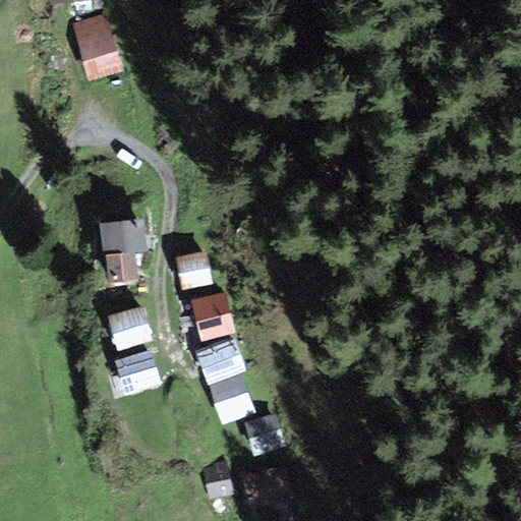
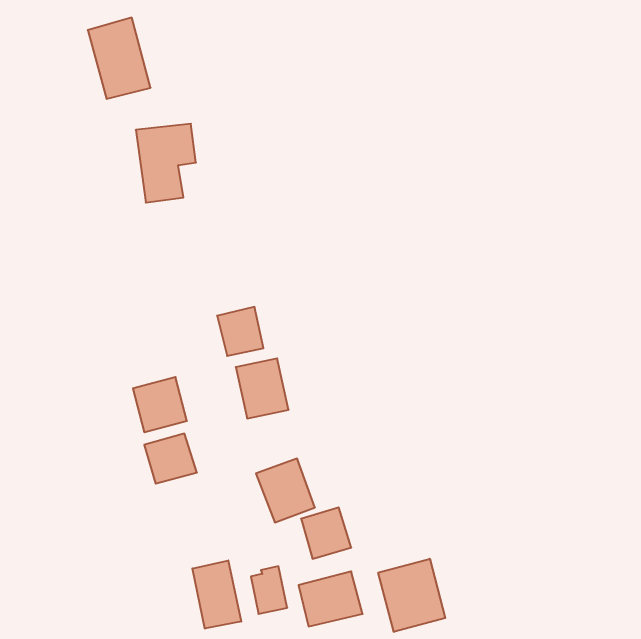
building: [100,219,149,283] -> [136,124,196,203]
building: [195,337,246,385] -> none
building: none -> [378,559,445,632]
building: none -> [192,560,241,629]

